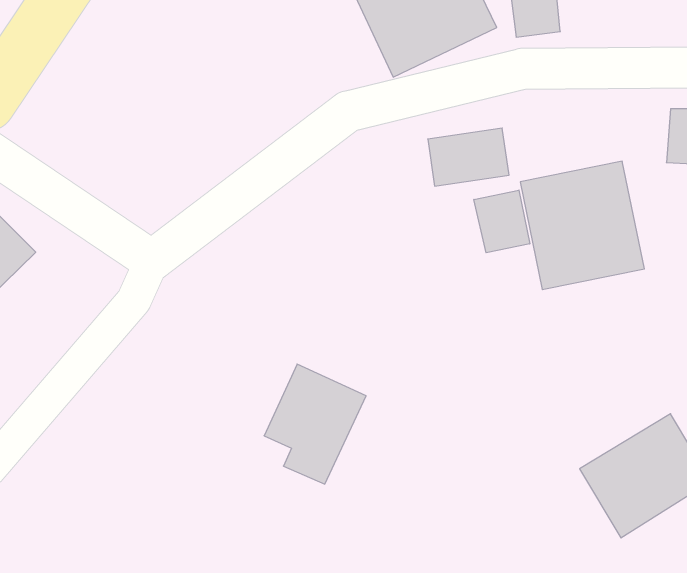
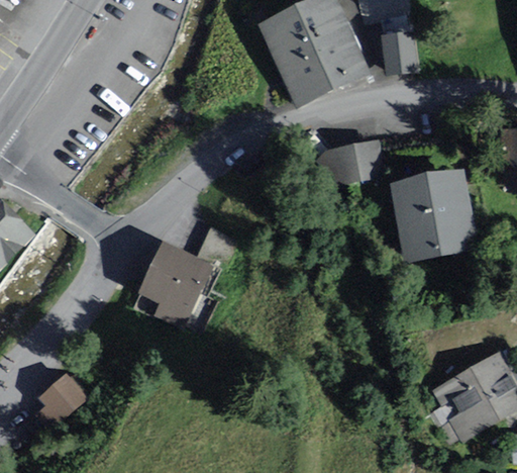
building: [474,190,530,253] -> none
building: [264,364,366,484] -> [138,241,213,328]
building: none -> [38,377,91,431]

